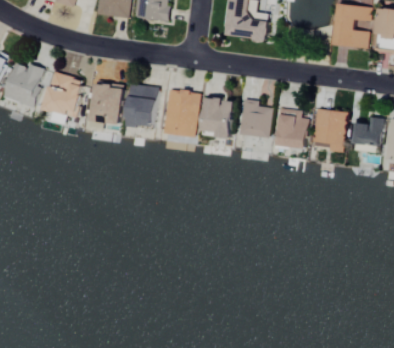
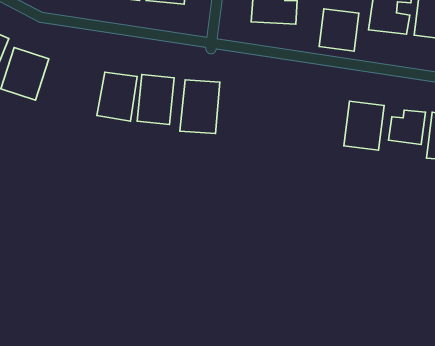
building: none -> [319,9,359,51]
building: [44,72,85,117] -> none
building: [202,96,235,139] -> none
building: [239,99,273,138] -> none
building: [278,110,308,148] -> none

